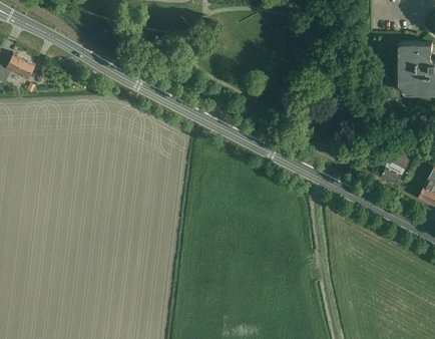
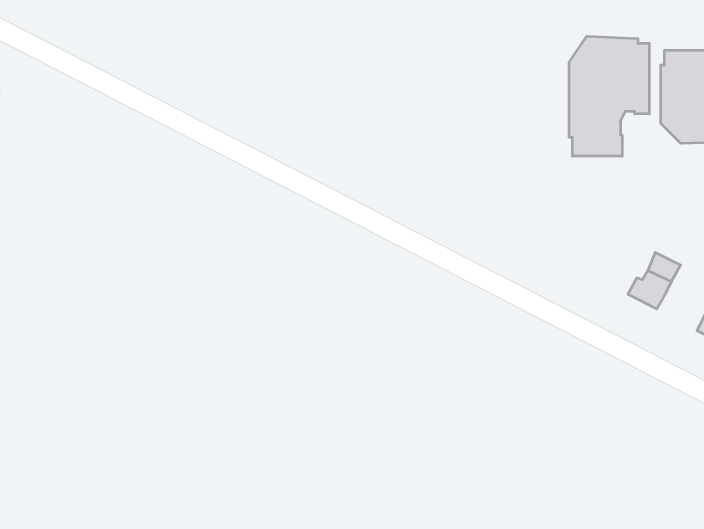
building: none -> [569,36,649,156]

